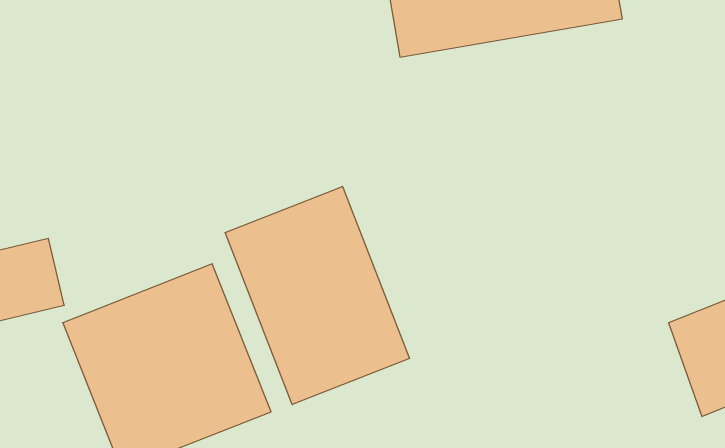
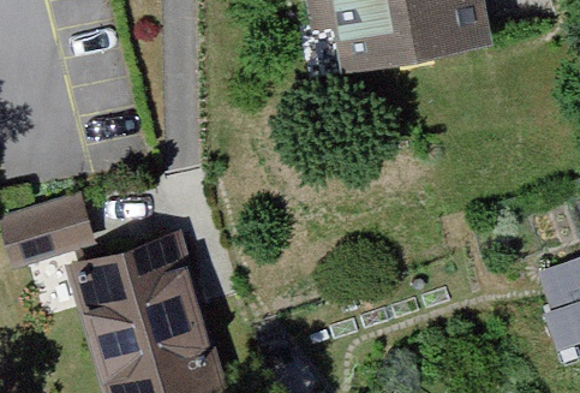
building: [225,186,410,405] -> none

